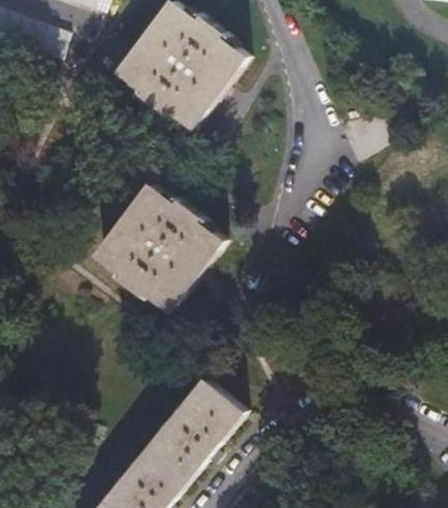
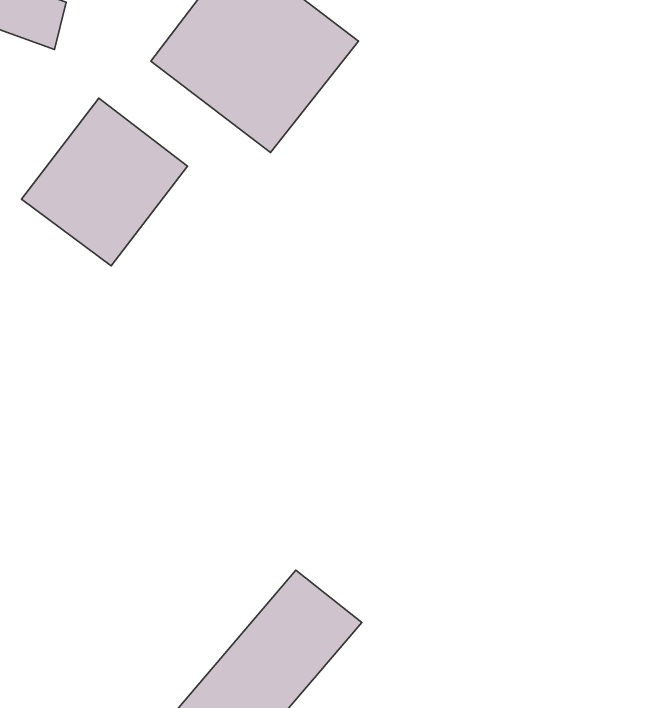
building: none -> [21,98,188,266]
building: [94,183,221,310] -> none

